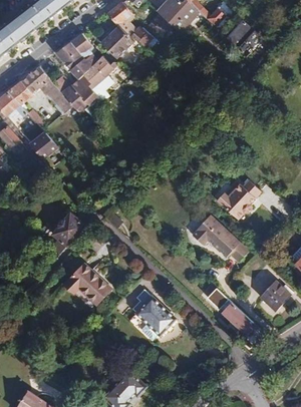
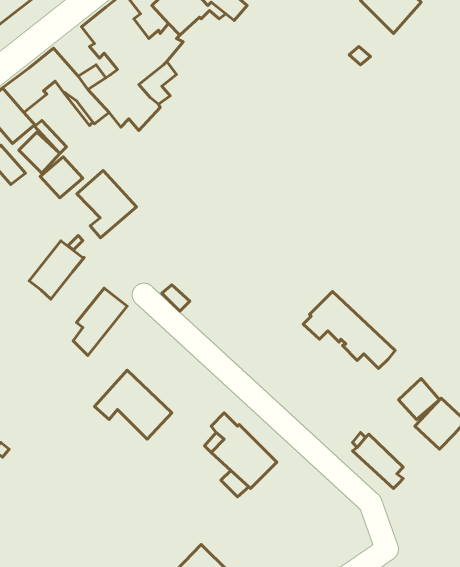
building: none -> [77,171,137,238]
building: [216,178,265,222] -> none
building: none -> [29,241,84,299]

